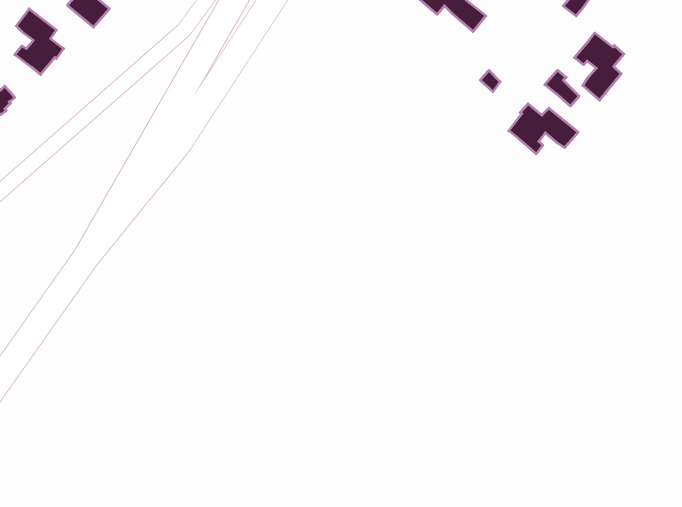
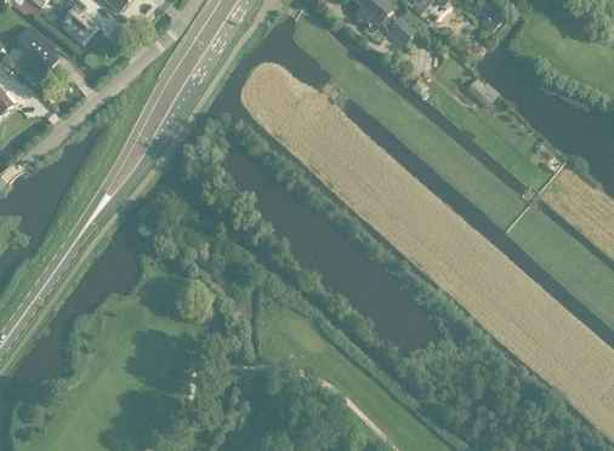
building: [574,33,624,100] -> none
building: [509,104,578,154] -> none

